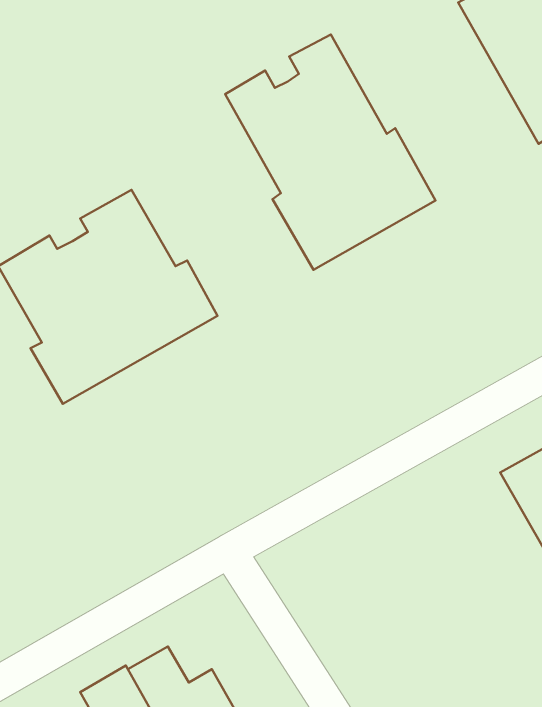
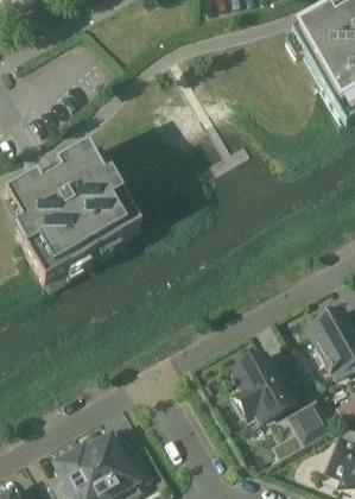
building: [225,35,435,270] -> none
building: none -> [232,350,292,418]
building: none -> [287,397,332,443]

